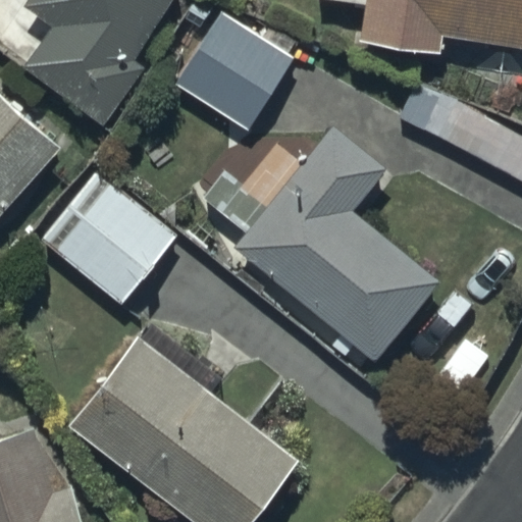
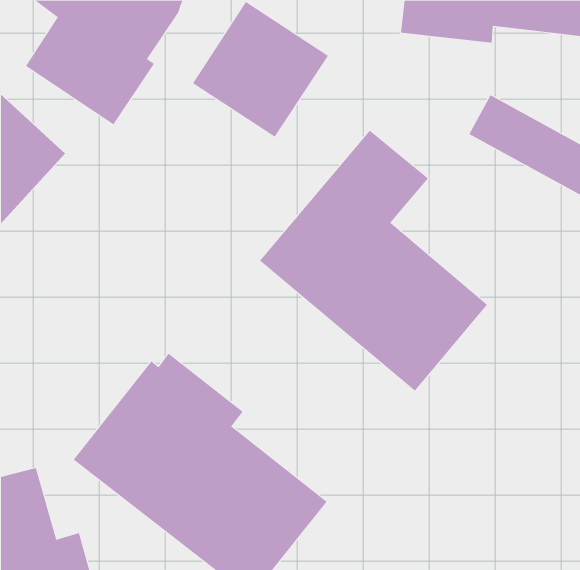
building: [39,172,174,306] -> none

